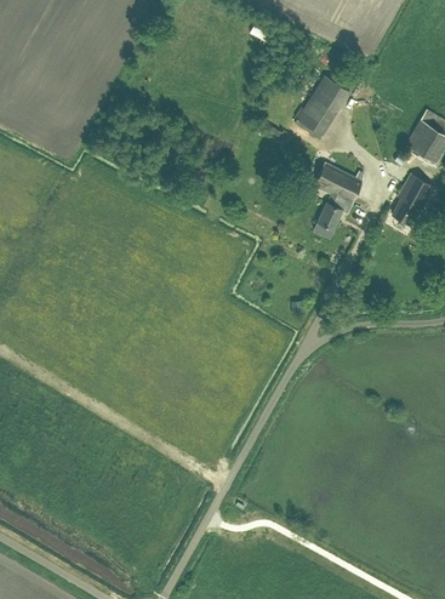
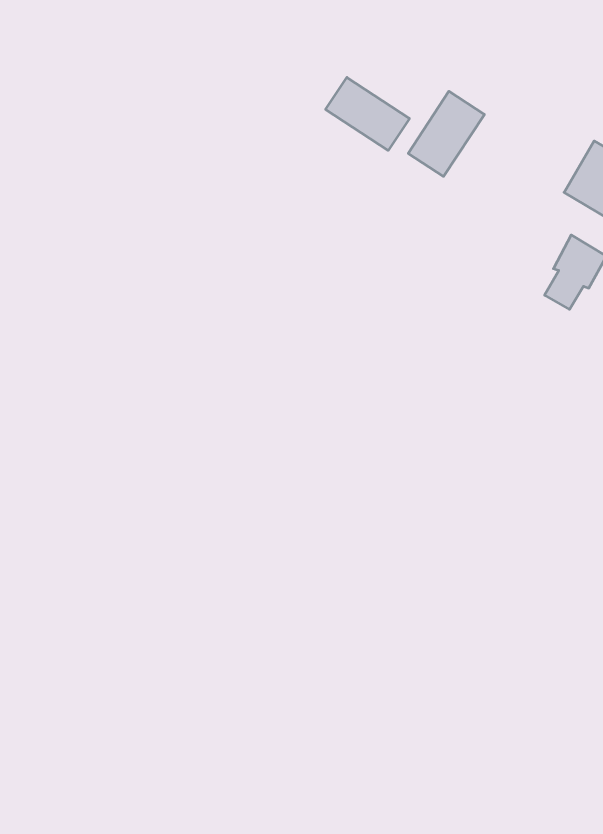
building: none -> [326,77,409,150]
building: [313,164,361,230] -> none

